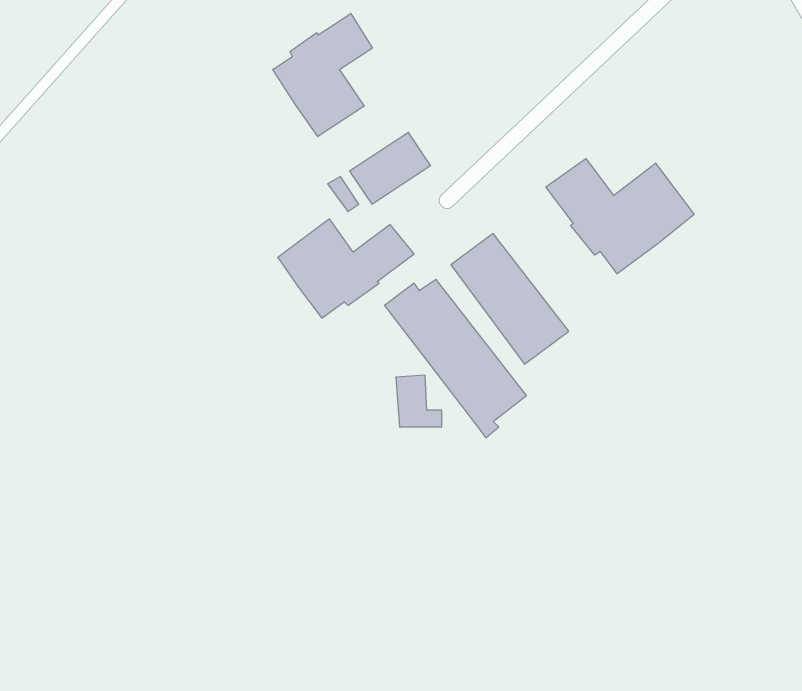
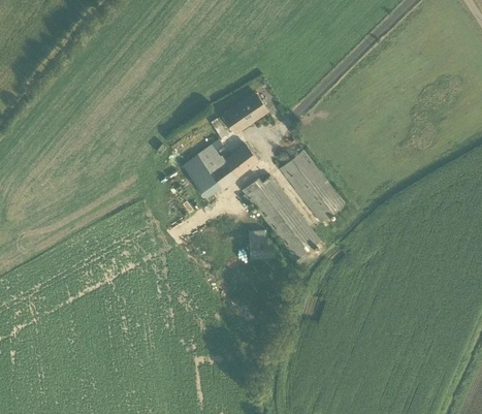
building: [273,13,372,137] -> none
building: [546,159,694,274] -> none

